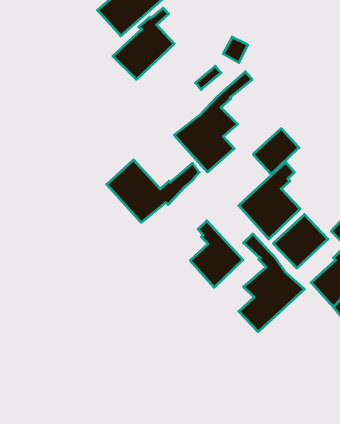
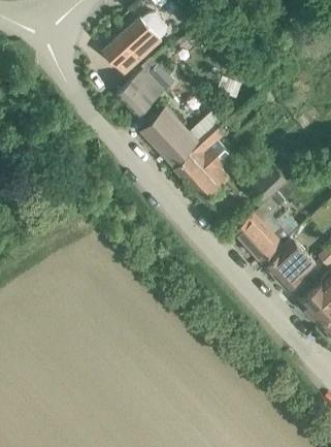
building: [107,160,199,222] -> [140,108,226,166]
building: [190,221,243,287] -> none
building: [239,234,304,332] -> none

